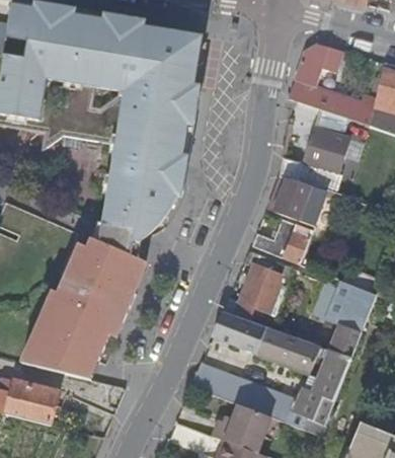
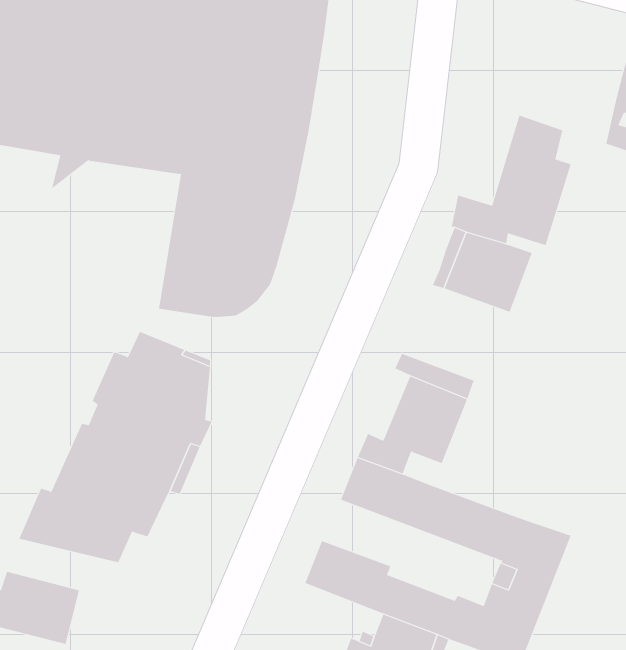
building: [290,45,377,126] -> none
building: [251,221,313,264] -> none
building: [325,280,376,359] -> none

